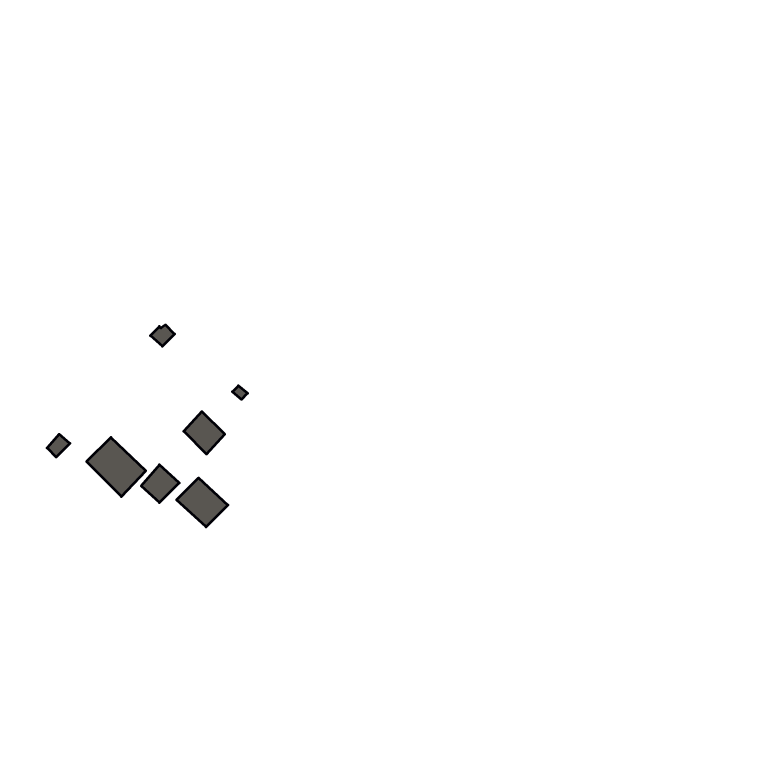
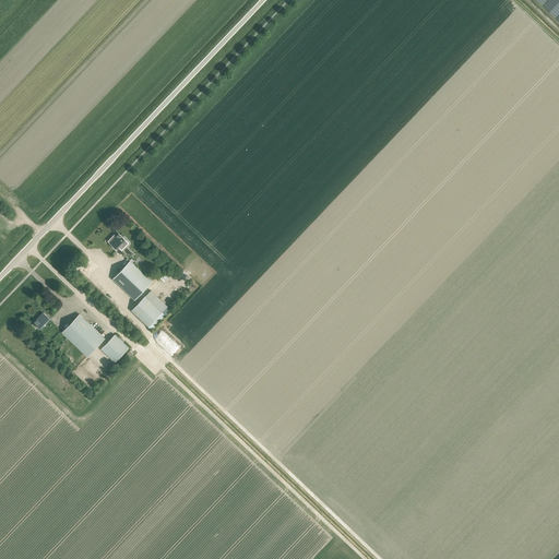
building: none -> [112,261,152,300]
building: [177,478,228,527] -> none

